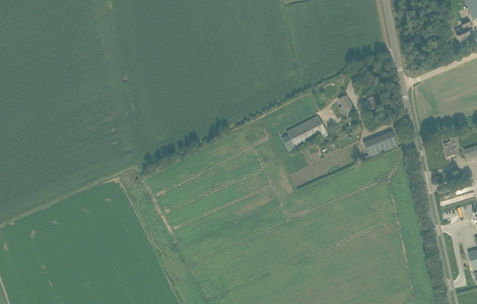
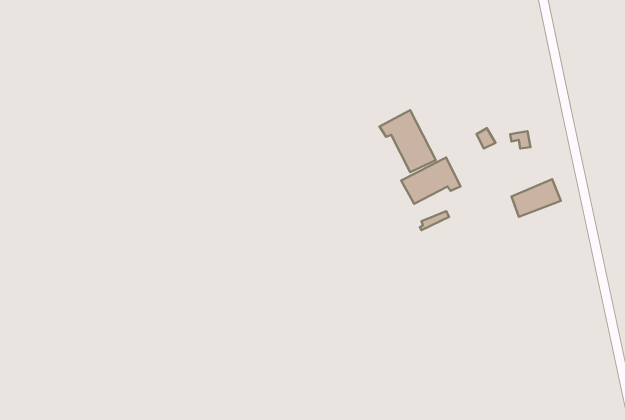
building: none -> [380,110,436,172]

